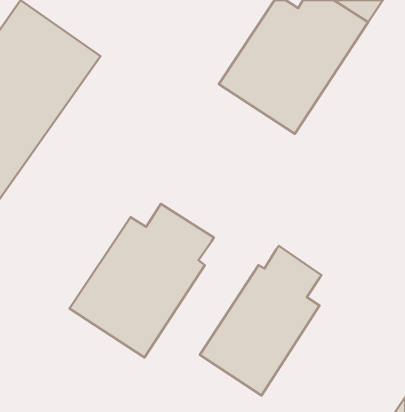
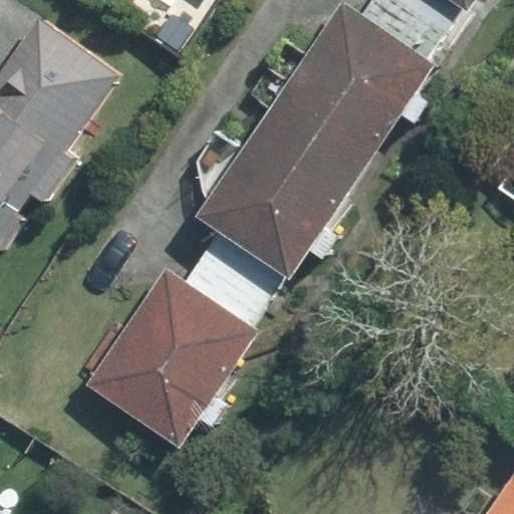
building: none -> [198,109,362,298]
building: [200,246,322,396] -> none

